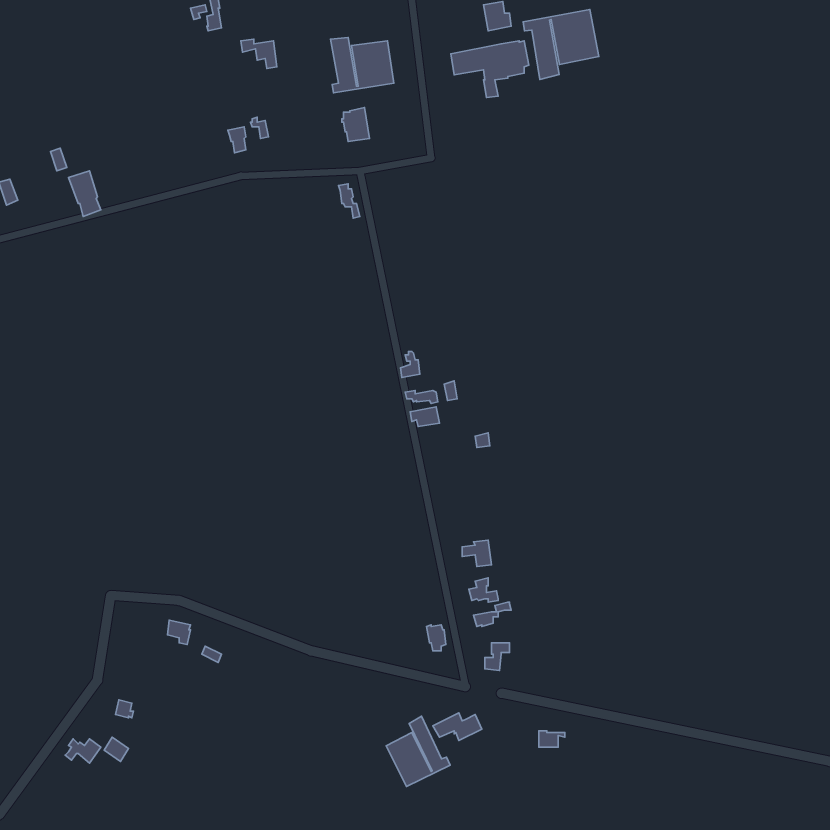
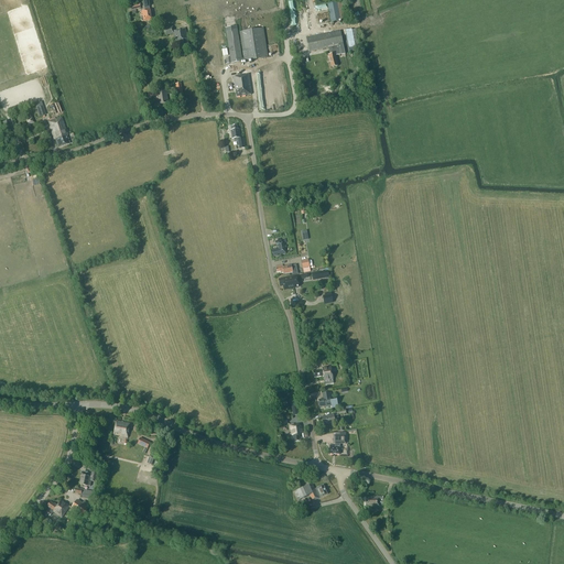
building: [523,9,599,79] -> none
building: [386,716,450,786] -> none

